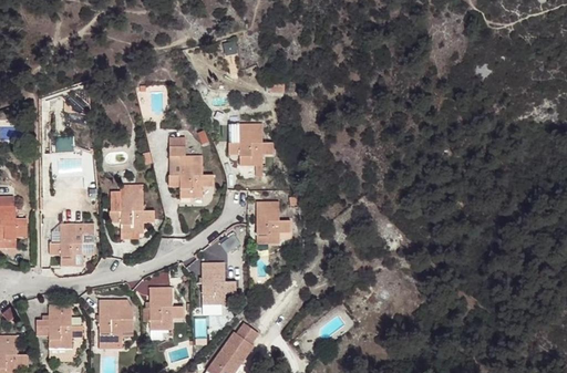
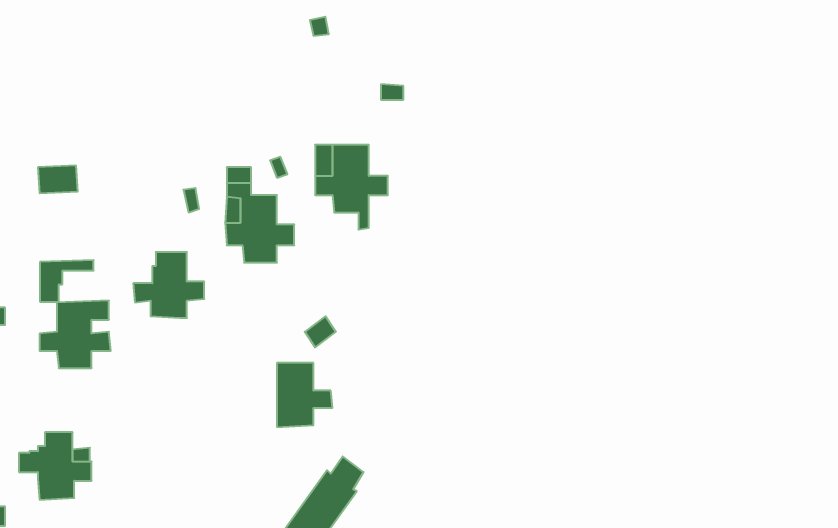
building: [110,185,144,211] -> [40,260,94,302]
building: [257,200,290,244] -> none
building: [150,287,184,330] -> none
building: [99,300,133,343] -> none

